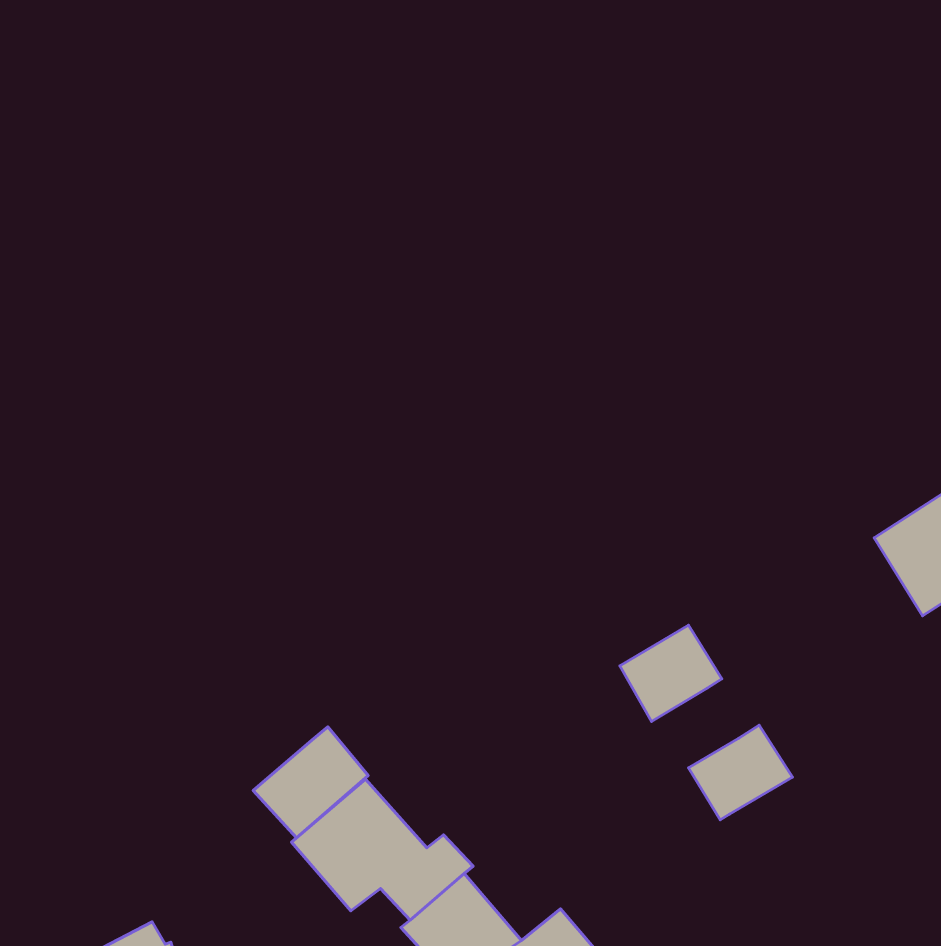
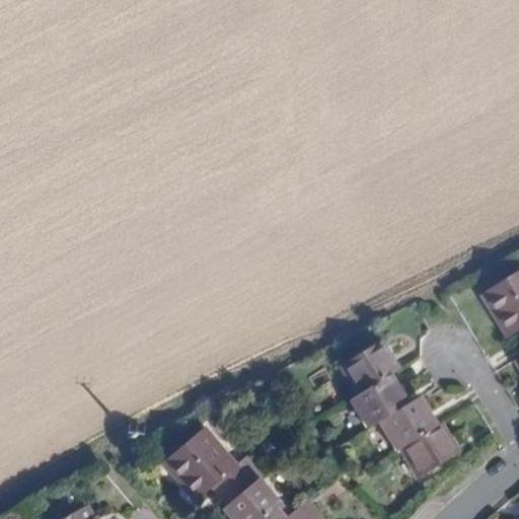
building: none -> [352,377,407,428]
building: [253,727,368,838] -> none
building: none -> [402,424,458,476]

